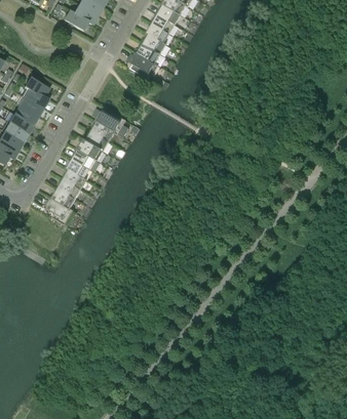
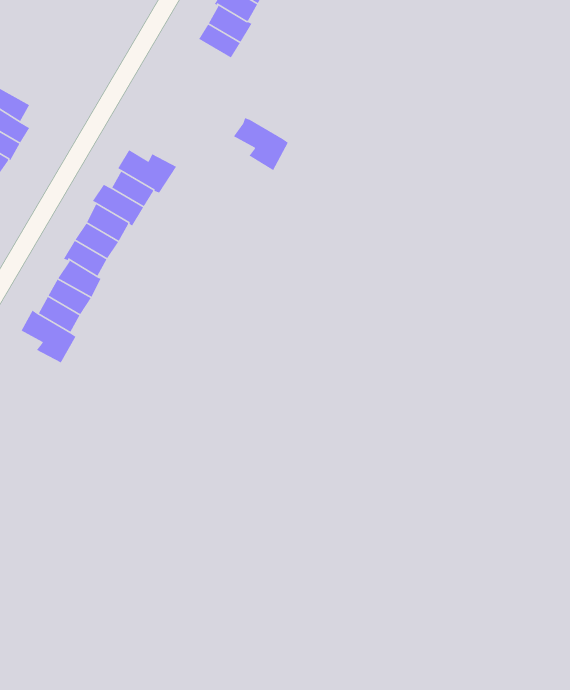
building: [128,50,158,79] -> [233,117,289,171]

